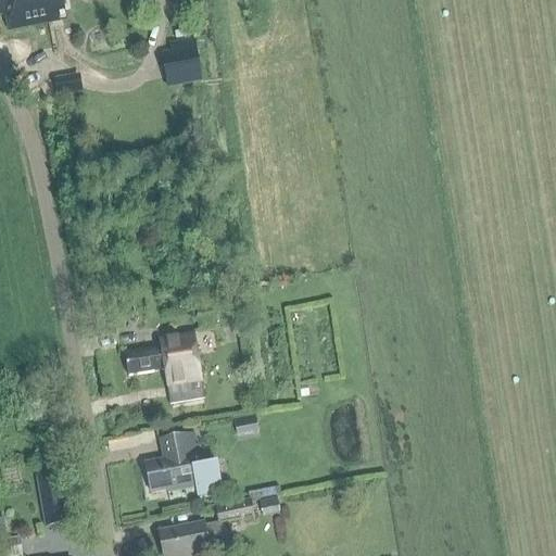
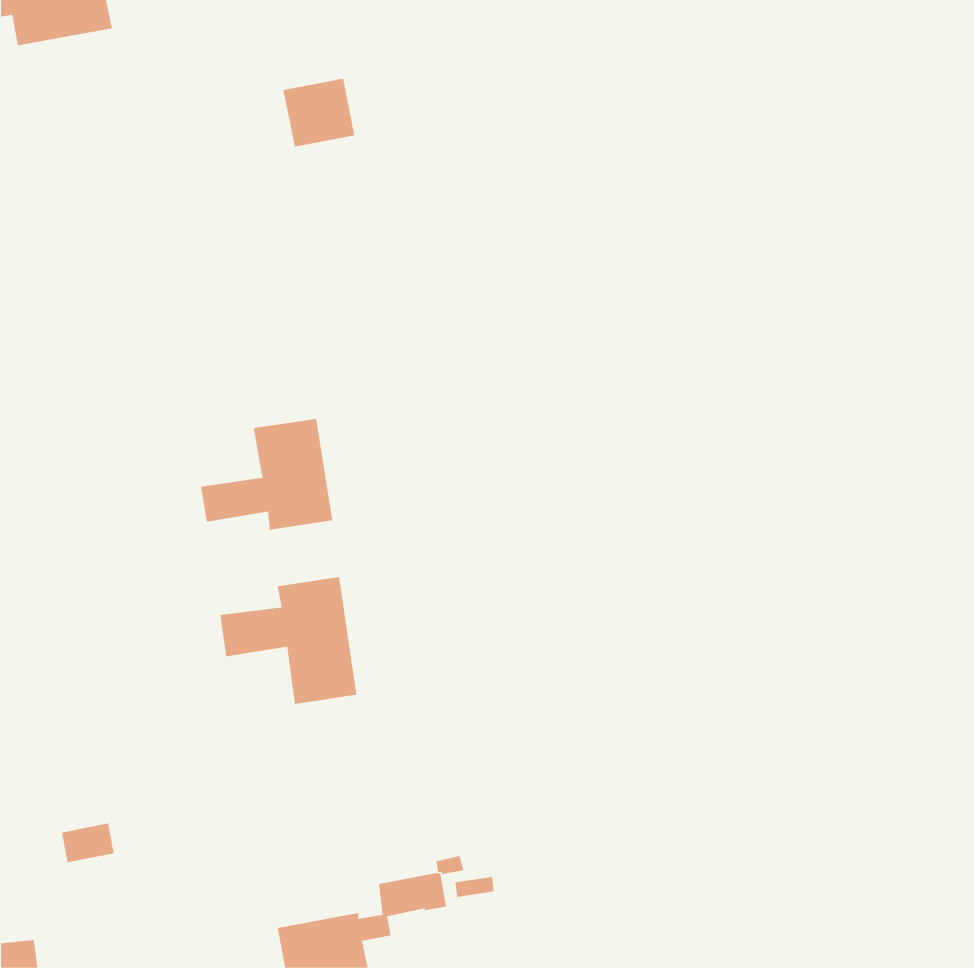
building: none -> [200,418,333,530]
building: [146,430,224,494] -> none

